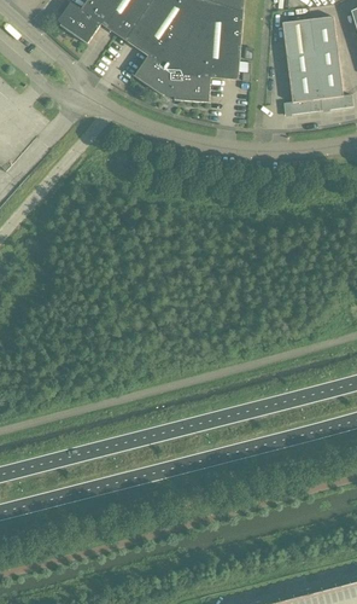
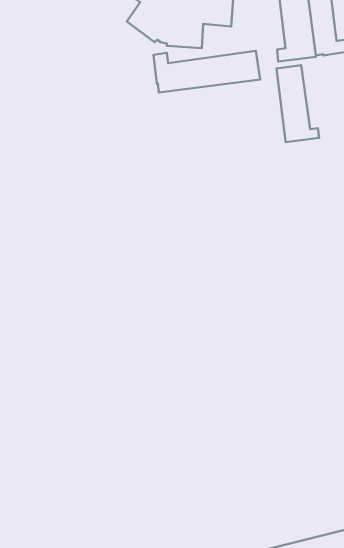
building: none -> [154,51,260,92]
building: none -> [276,65,319,142]

